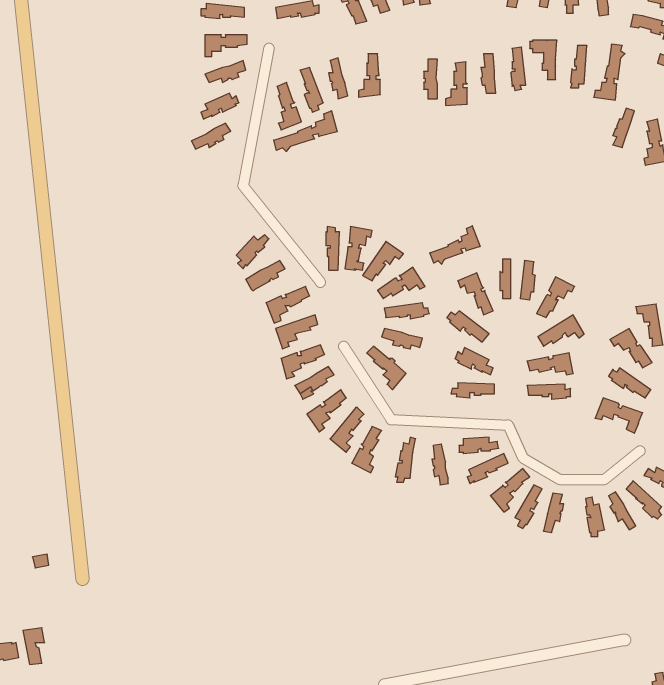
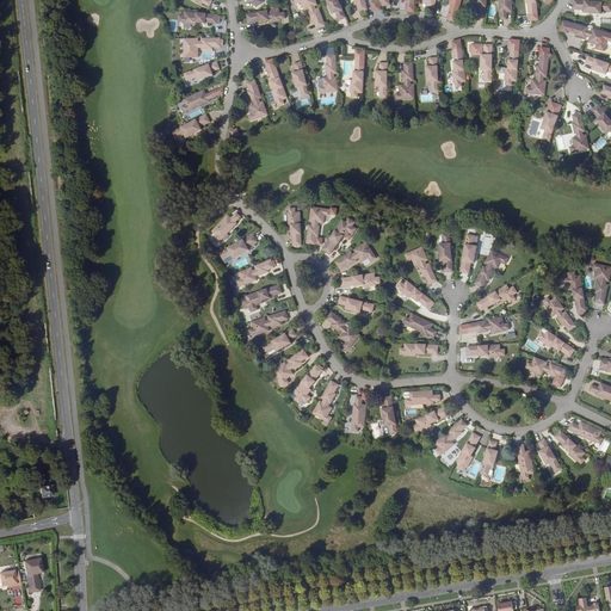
building: none -> [346,49,365,97]
building: [274,111,337,151] -> none
building: [430,226,480,264] -> none

